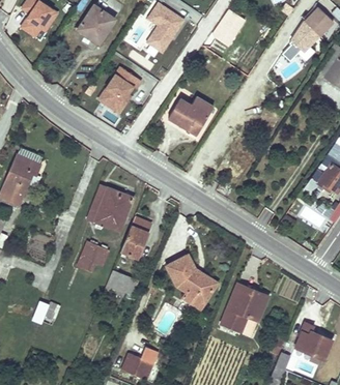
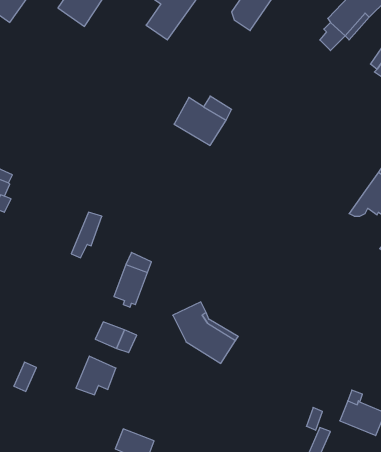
building: [95,63,141,114] -> none
building: [95,189,134,232] -> none
building: [77,241,108,271] -> [76,356,116,395]
building: [221,284,268,332] -> none

